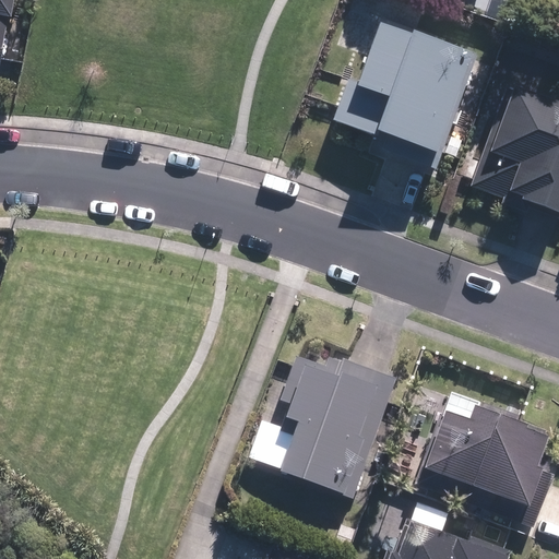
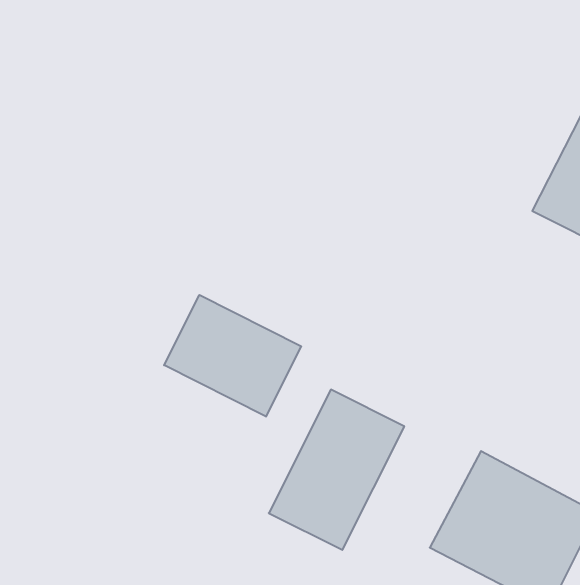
building: [344,19,476,157] -> none
building: none -> [164,295,301,417]

